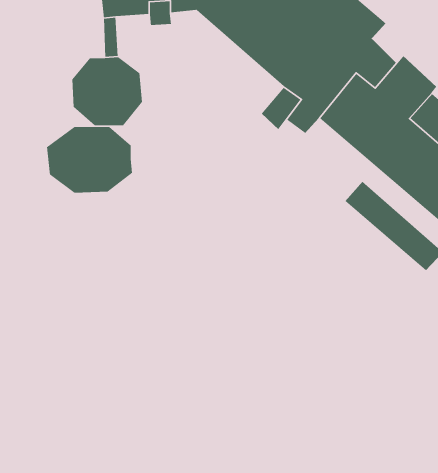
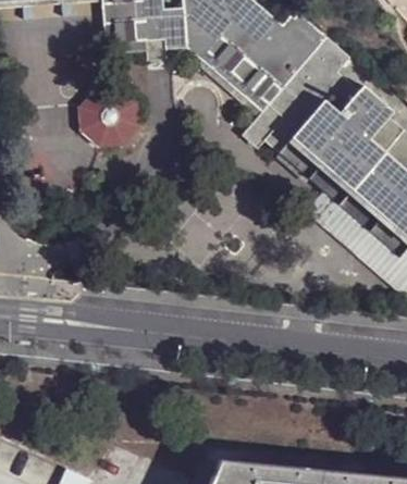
building: [46,126,133,194] -> none

